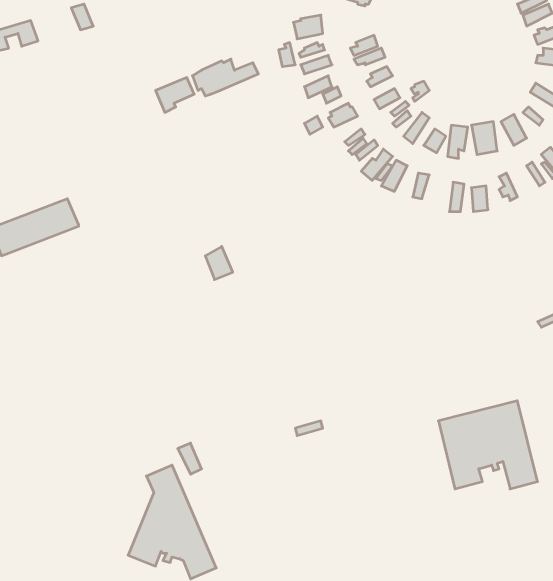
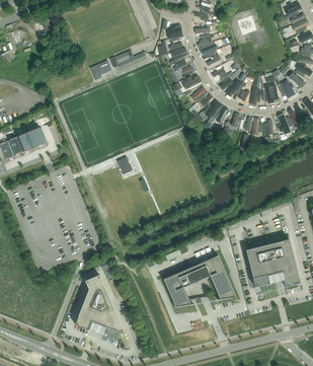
building: none -> [162,255,235,307]

